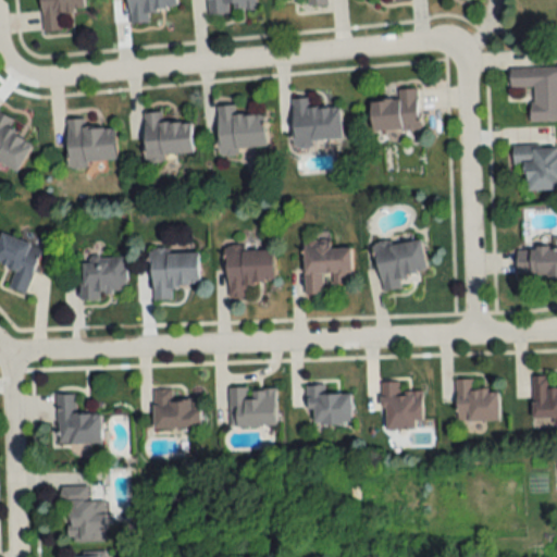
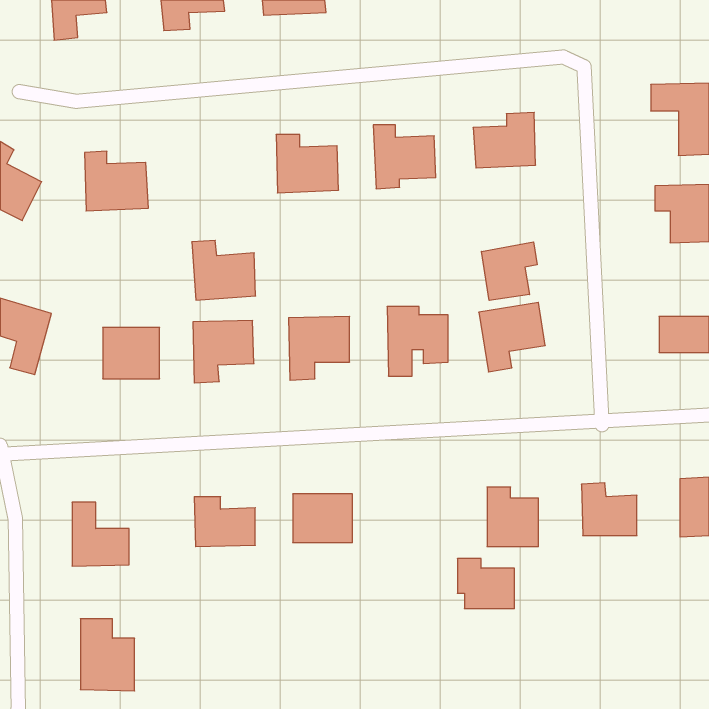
building: [143,112,193,159] -> [192,240,256,300]
building: none -> [481,242,537,300]
building: [307,385,351,424] -> [457,559,514,609]

